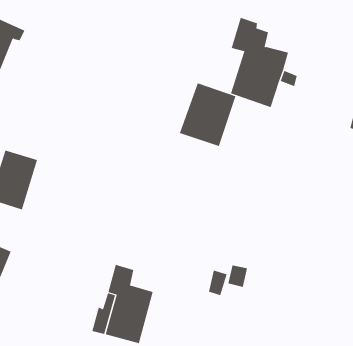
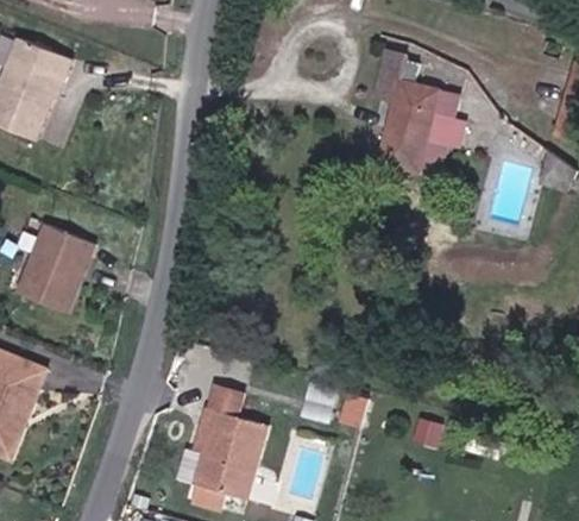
building: [179,82,236,147] -> none

